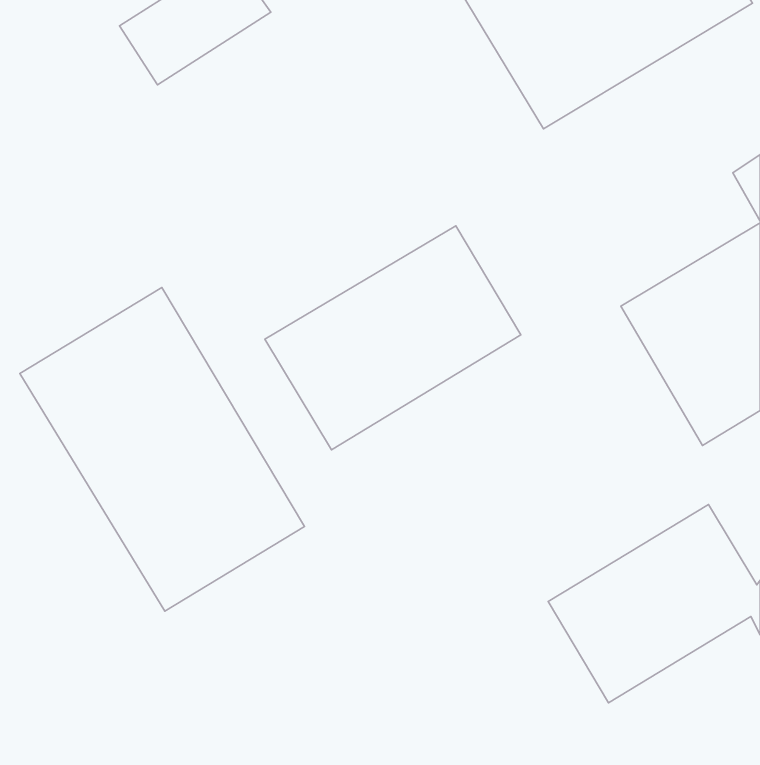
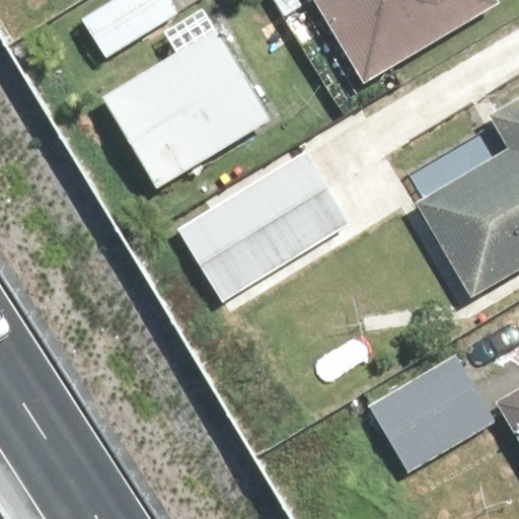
building: none -> [105,28,274,188]
building: [20,288,304,611] -> none

